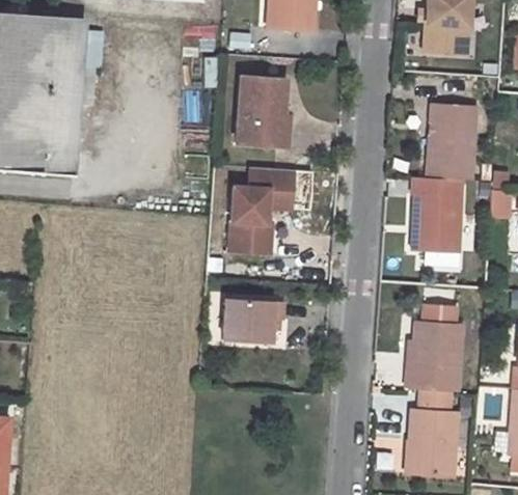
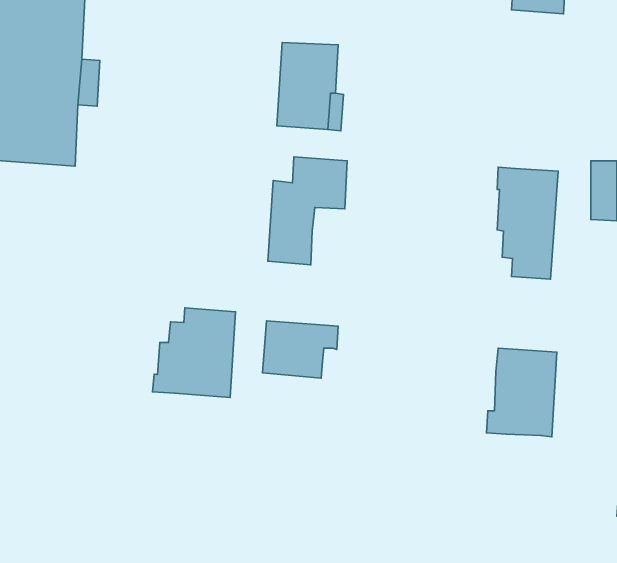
building: [428,103,478,180] -> none
building: none -> [153,308,235,398]
building: [407,388,456,475] -> none

